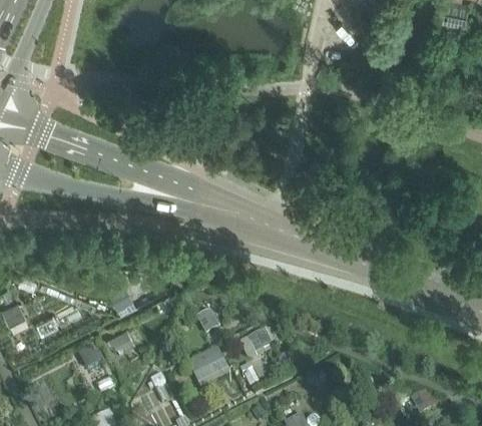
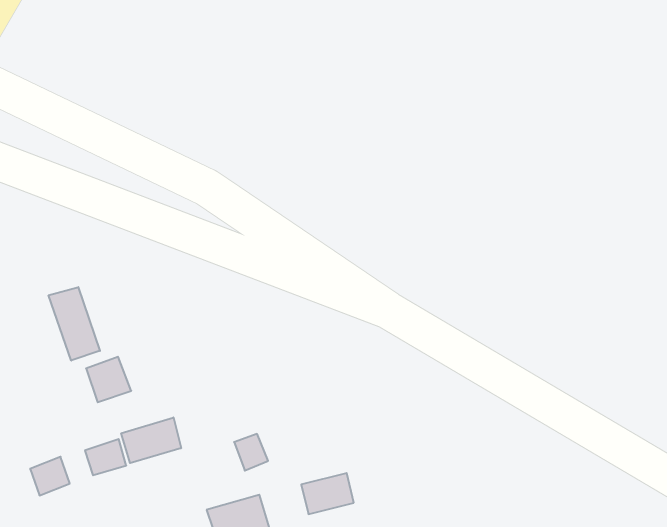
building: none -> [49,287,100,361]
building: none -> [121,417,181,463]

